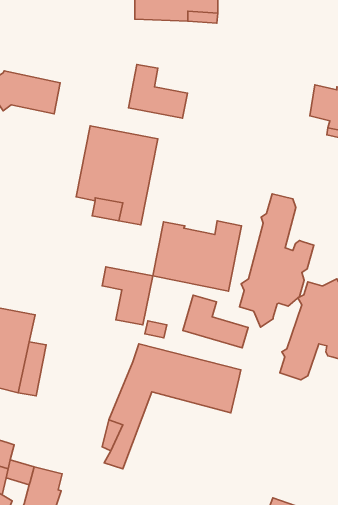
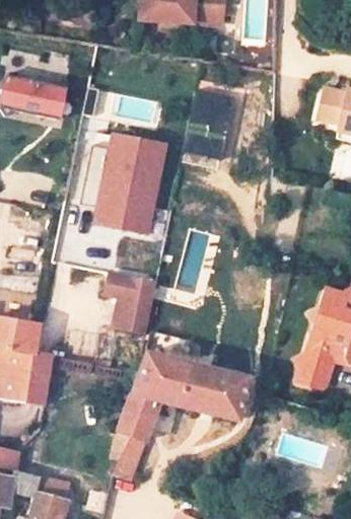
building: [128,65,188,118] -> none
building: [240,194,314,327] -> none
building: [153,221,241,291] -> none
building: [183,295,248,348] -> none

